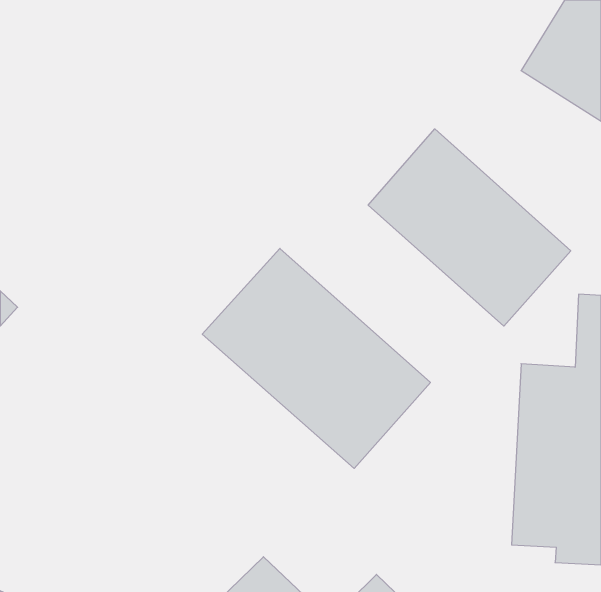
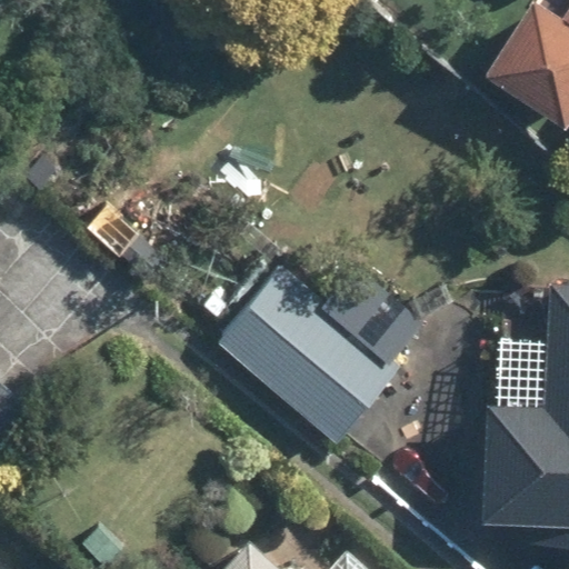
building: [368,129,571,326] -> none

